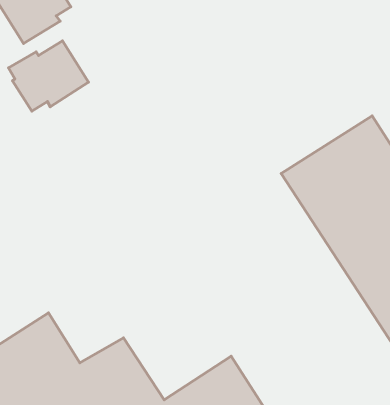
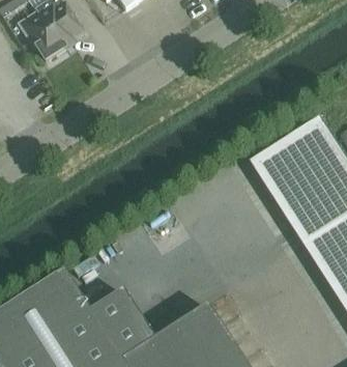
building: [8,41,88,111] -> none

